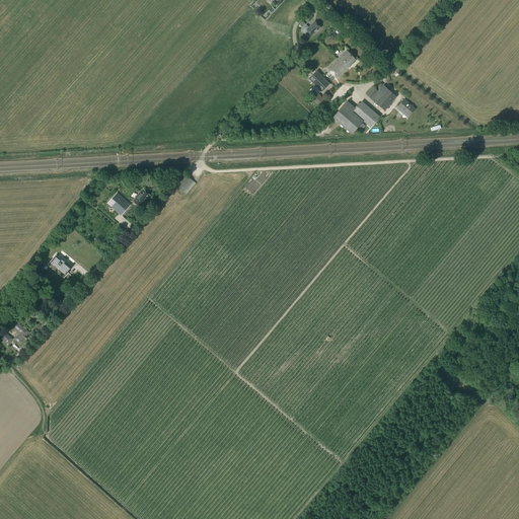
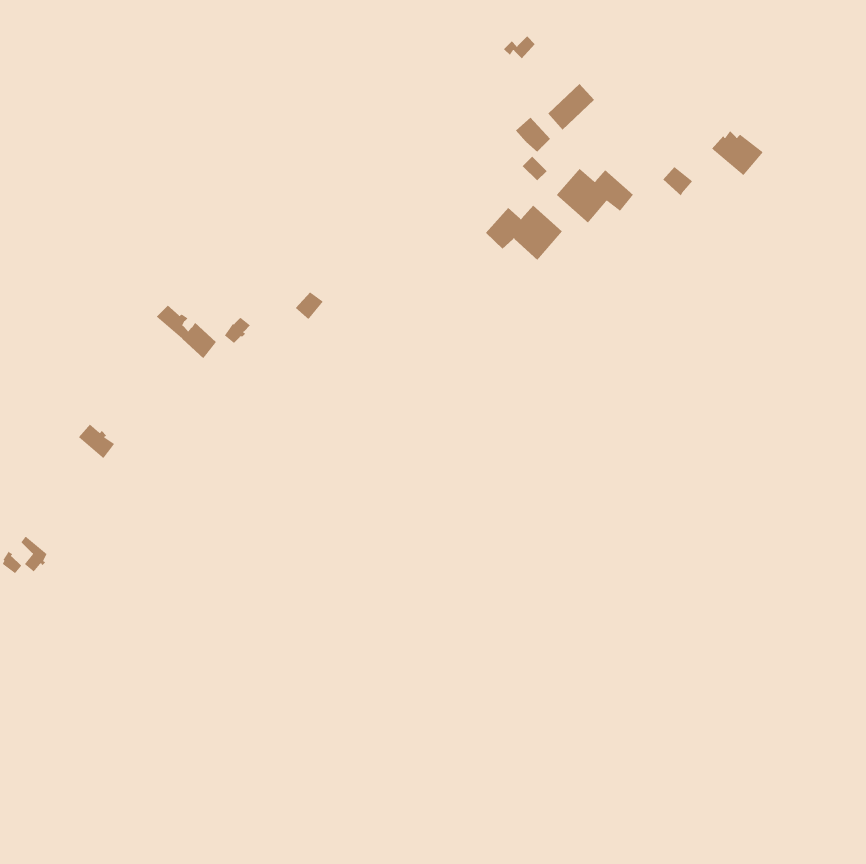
building: [366,83,397,110] -> [711,130,764,176]
building: none -> [485,205,563,261]

